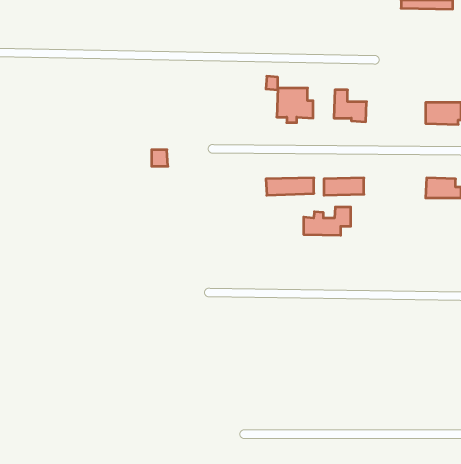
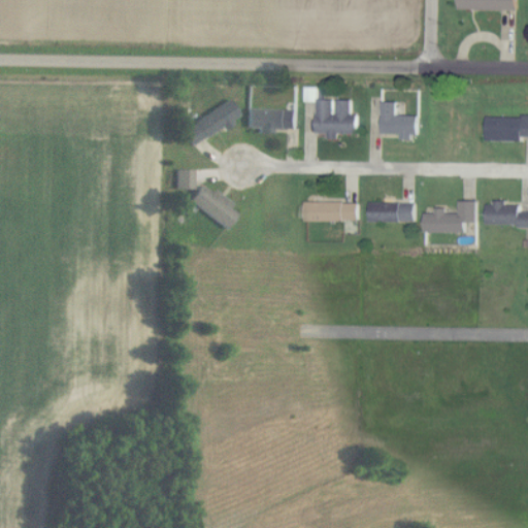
building: none -> [178,99,237,145]
building: none -> [244,109,294,134]
building: none -> [185,185,234,230]
building: [304,207,351,235] -> [422,201,475,233]

